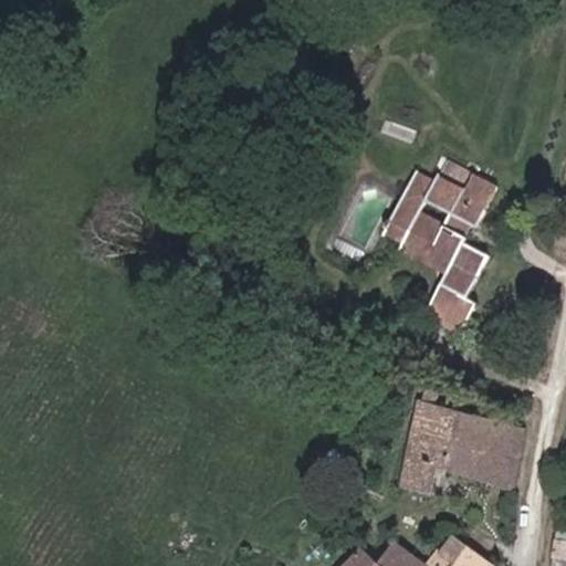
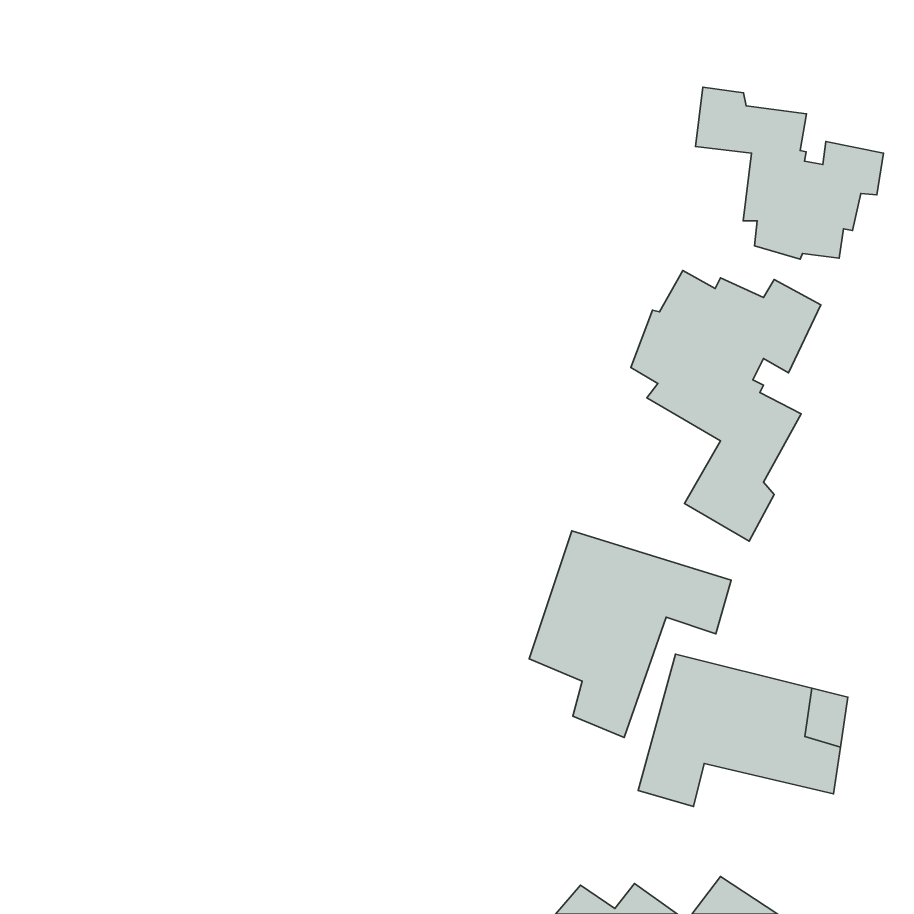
building: none -> [696,87,884,259]
building: none -> [529,531,731,738]

